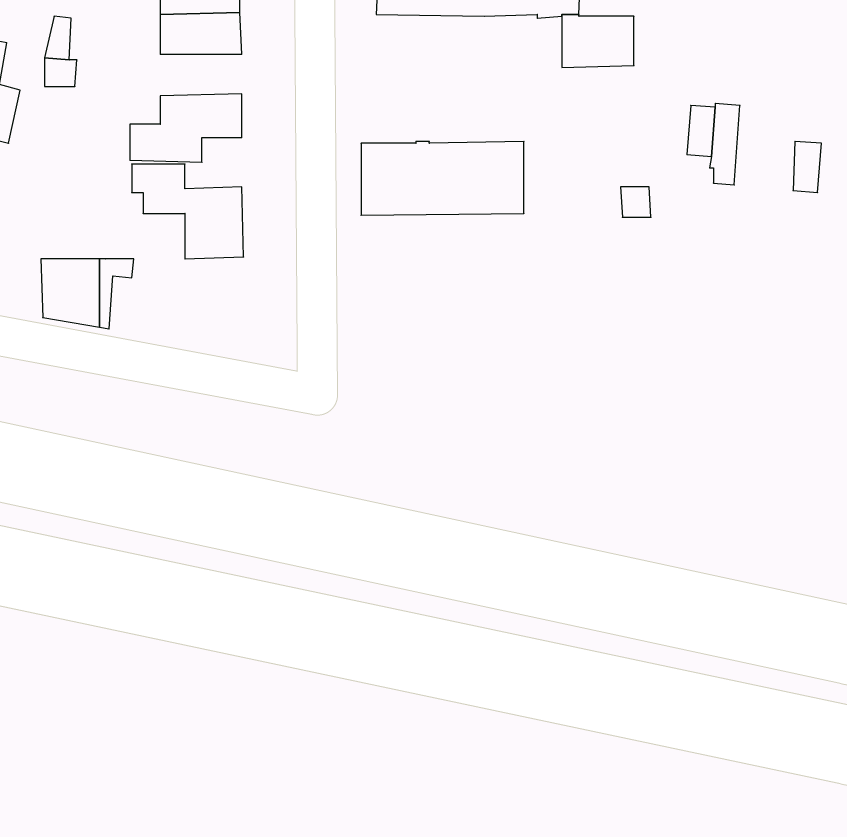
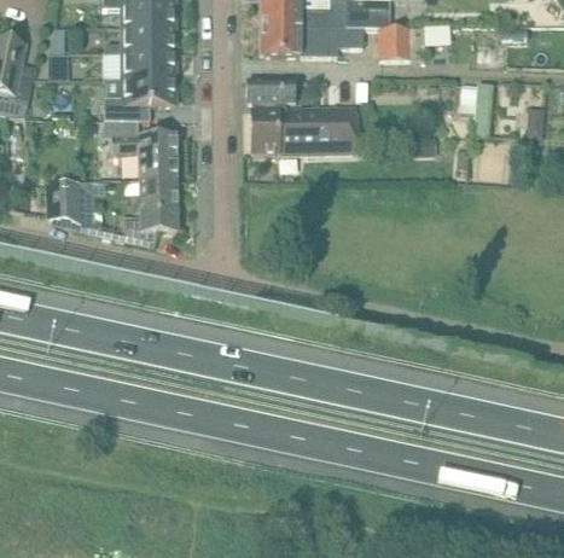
building: none -> [261,25,364,56]
building: none -> [123,51,175,77]
building: none -> [246,79,295,107]
building: none -> [124,180,178,232]

